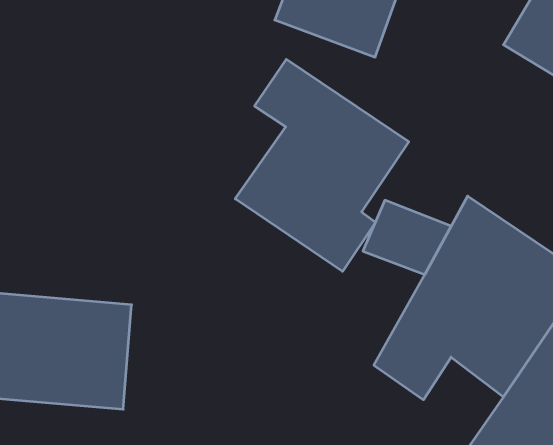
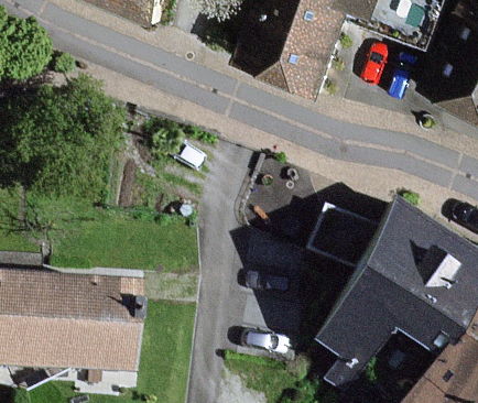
building: [235,59,409,271] -> none

